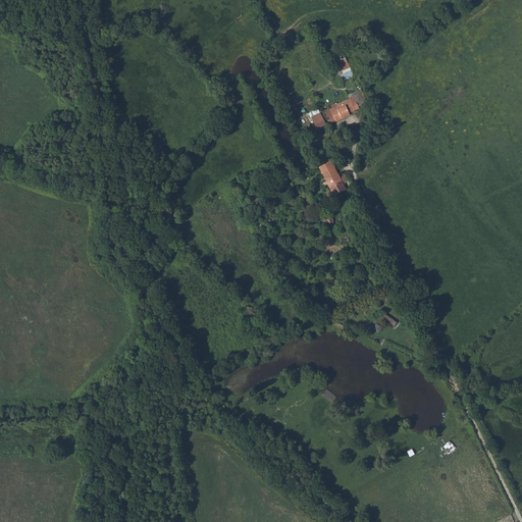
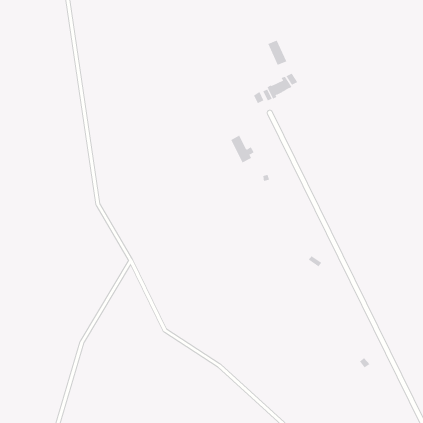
building: [319,161,349,196] -> [230,135,254,163]

